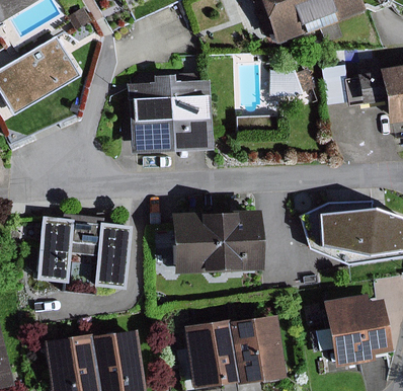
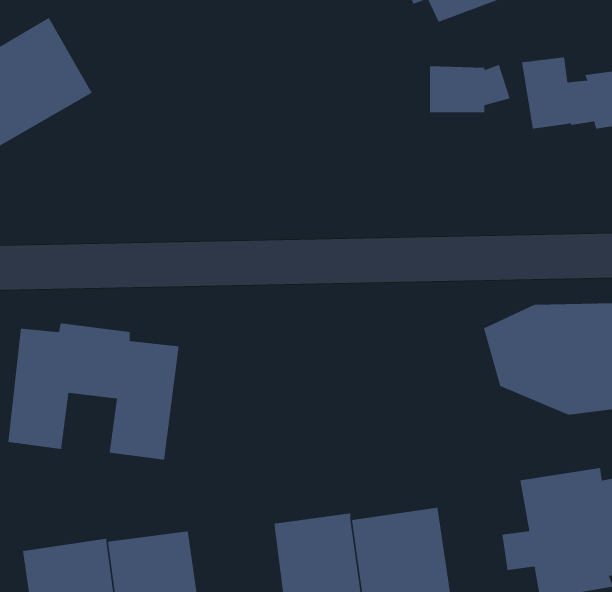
building: [128,74,213,153] -> none
building: [169,211,260,275] -> none

